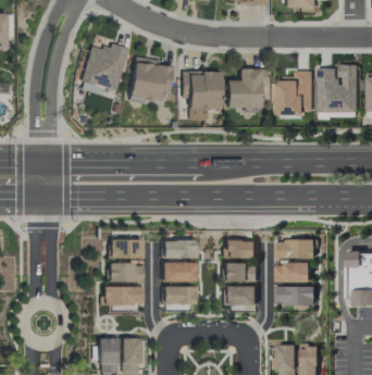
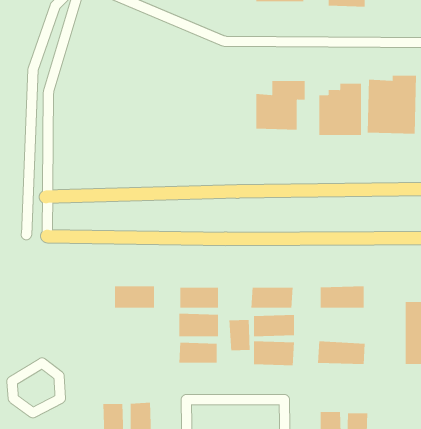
building: [79,43,126,97] -> none
building: [128,59,172,101] -> none
building: [181,71,219,111] -> none
building: [275,262,311,282] -> none
building: [107,263,142,282] -> none
building: none -> [229,319,250,351]
building: [99,286,140,305] -> none

